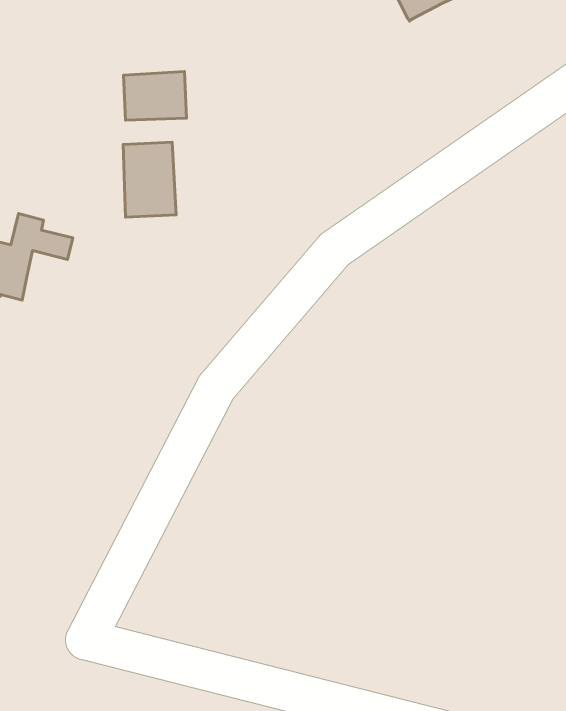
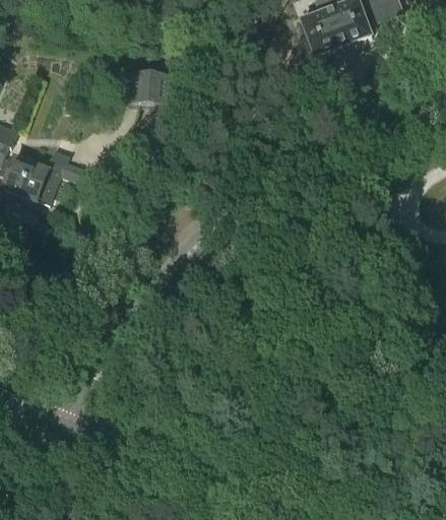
building: [123,142,176,217] -> none

